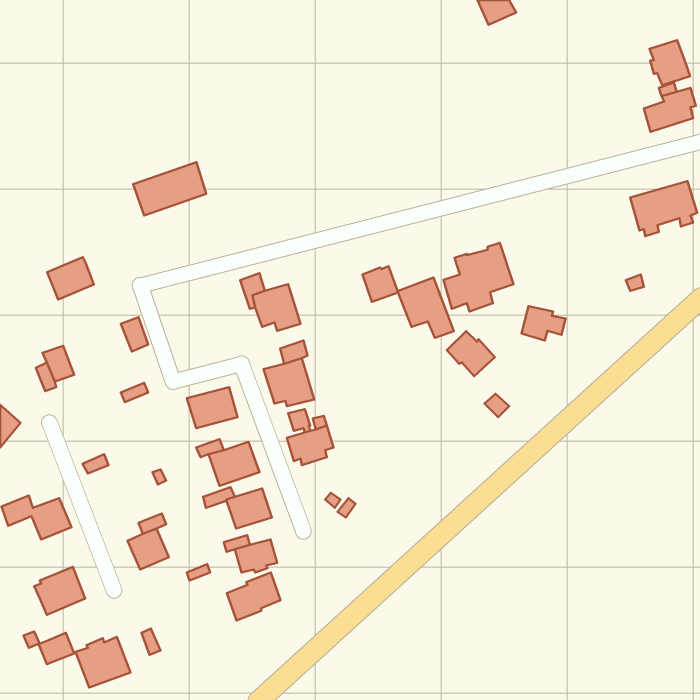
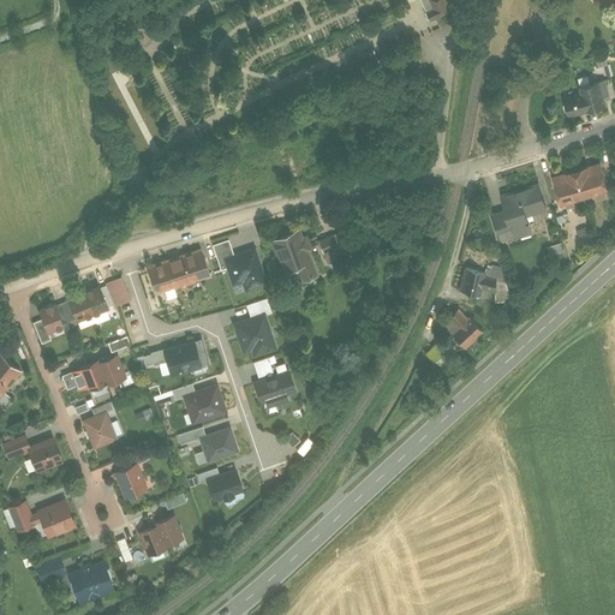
building: [650,40,690,85] -> none
building: [133,162,206,216] -> [147,247,210,294]
building: [443,243,513,311] -> [491,180,553,240]
building: [47,257,94,300] -> [67,283,108,321]
building: [398,278,454,338] -> [269,229,318,282]
building: [447,331,495,376] -> [441,310,483,350]
building: none -> [77,354,126,392]
building: none -> [84,410,121,450]
building: none -> [7,500,36,532]
building: [227,573,280,621] -> [137,514,184,556]

